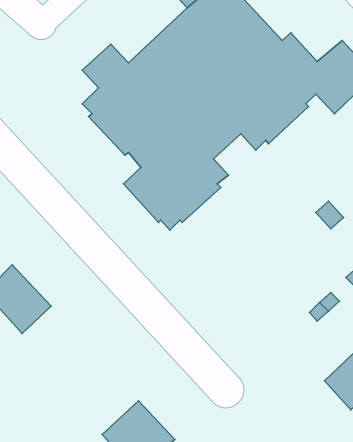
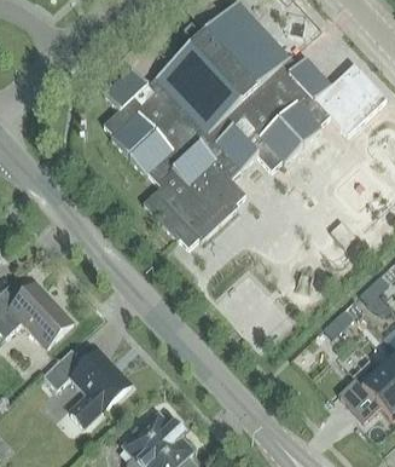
building: none -> [43,348,132,428]

